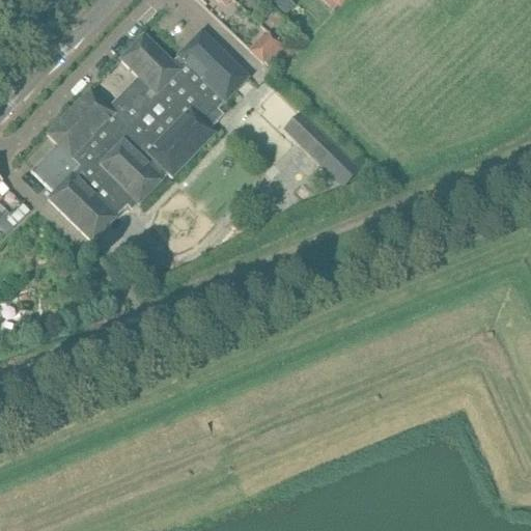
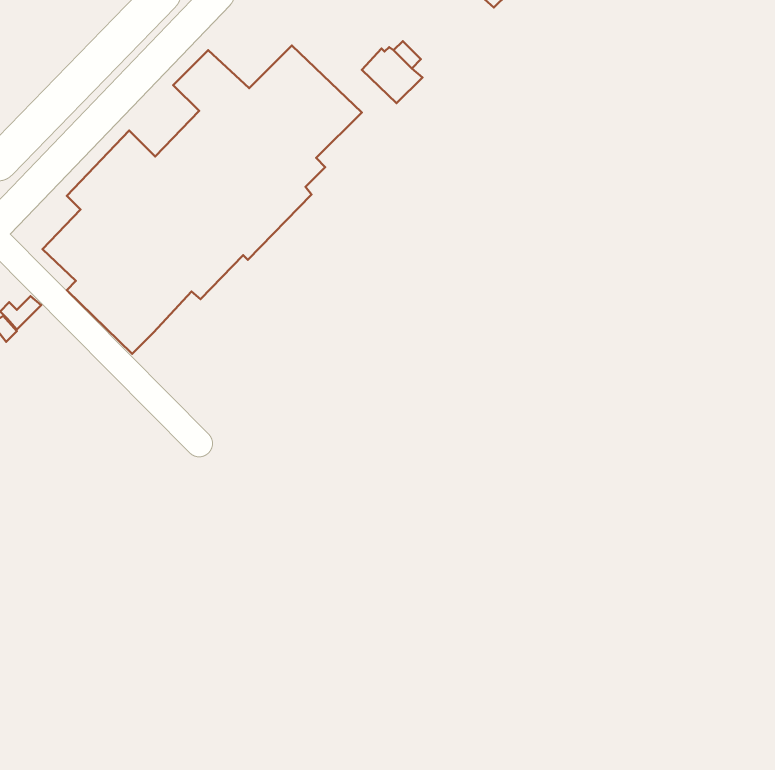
building: [283,112,363,188] -> none

